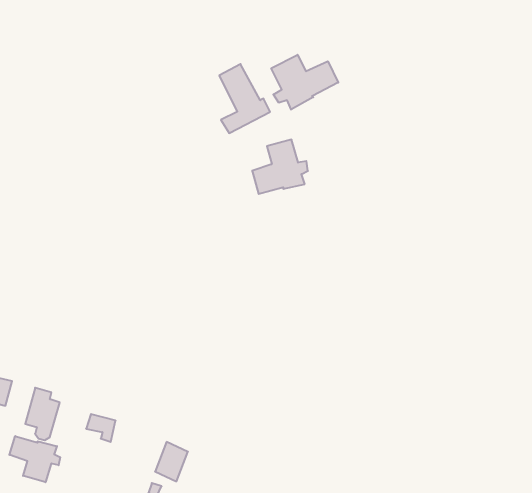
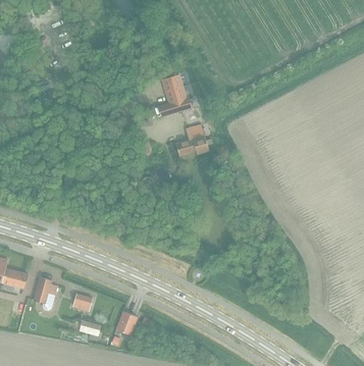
building: [271,55,338,110] -> none
building: [9,436,60,482] -> none

